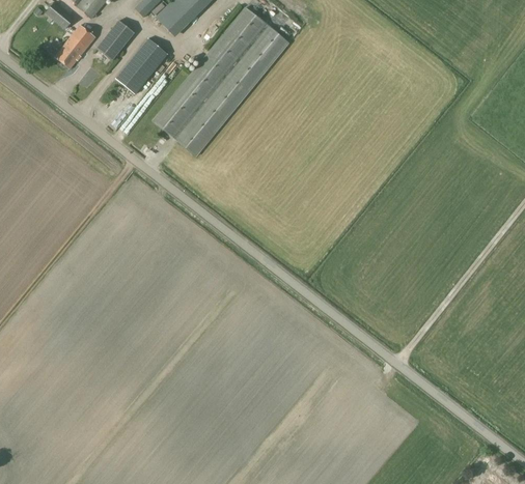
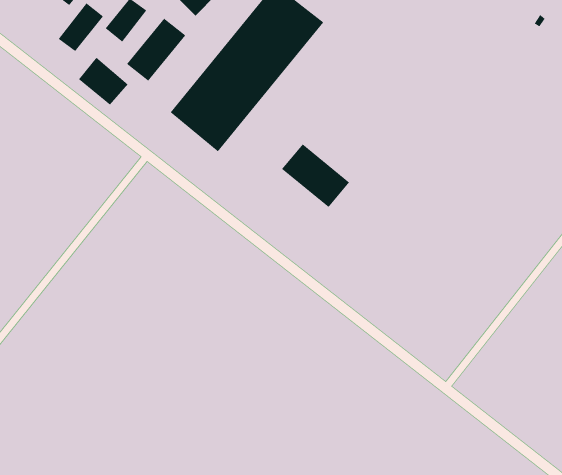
building: none -> [78,57,128,105]
building: none -> [281,144,350,208]

